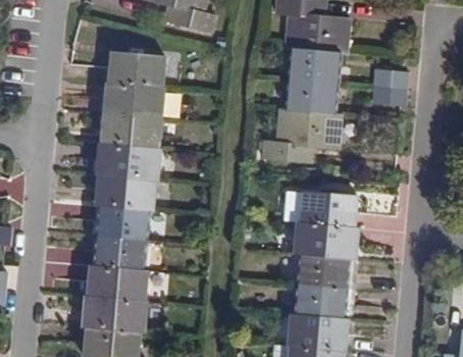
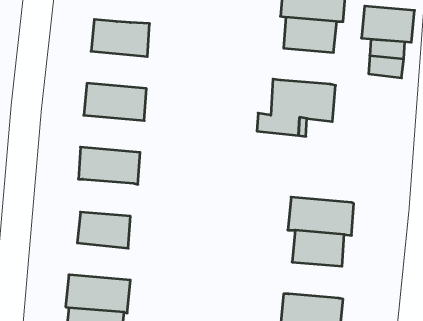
building: [289,79,340,113] -> [361,6,415,42]
building: [103,82,162,117] -> none
building: [95,143,159,178] -> none
building: [287,185,359,226] -> none
building: [97,204,148,240] -> none
building: [87,265,147,301] -> none
building: [297,284,348,318] -> none

